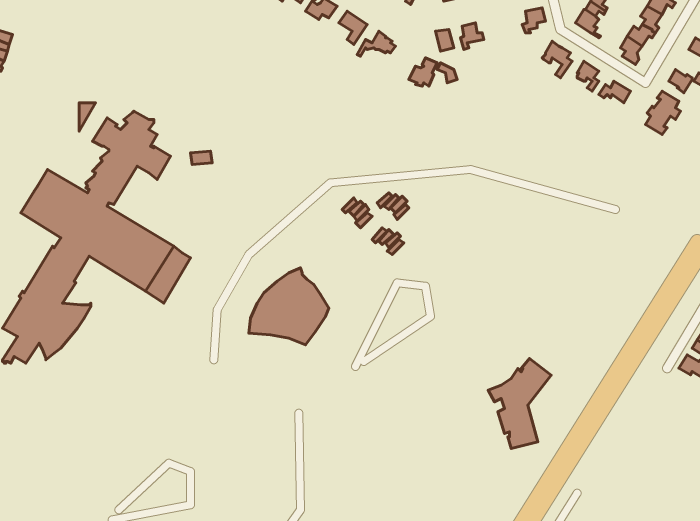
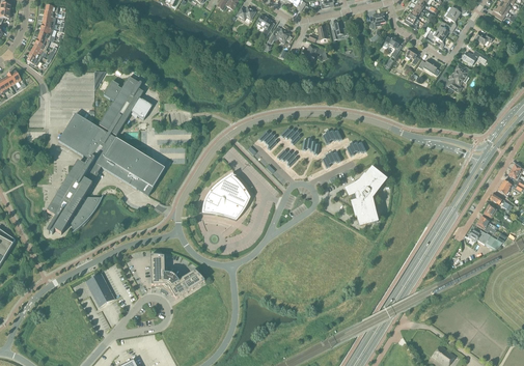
building: [488,358,551,448] -> [346,169,385,225]
building: none -> [150,255,204,298]
building: none -> [85,273,114,307]

